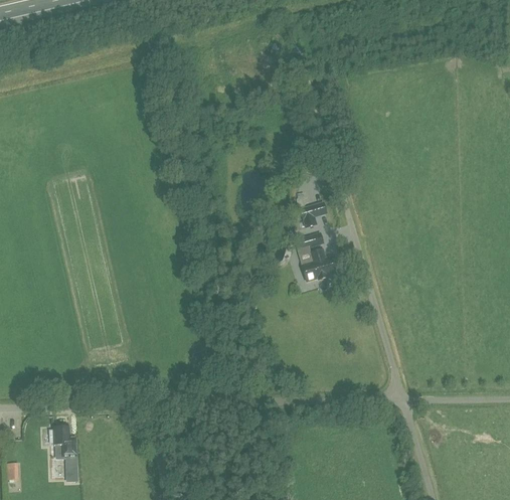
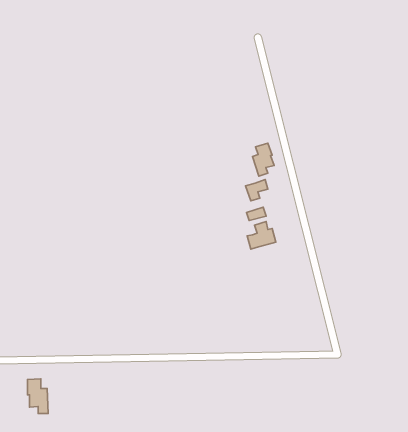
building: none -> [253,143,274,176]

